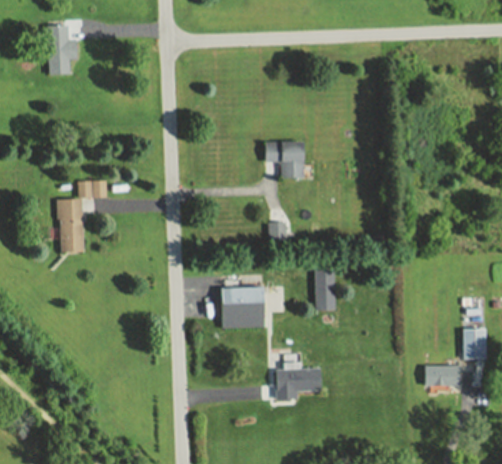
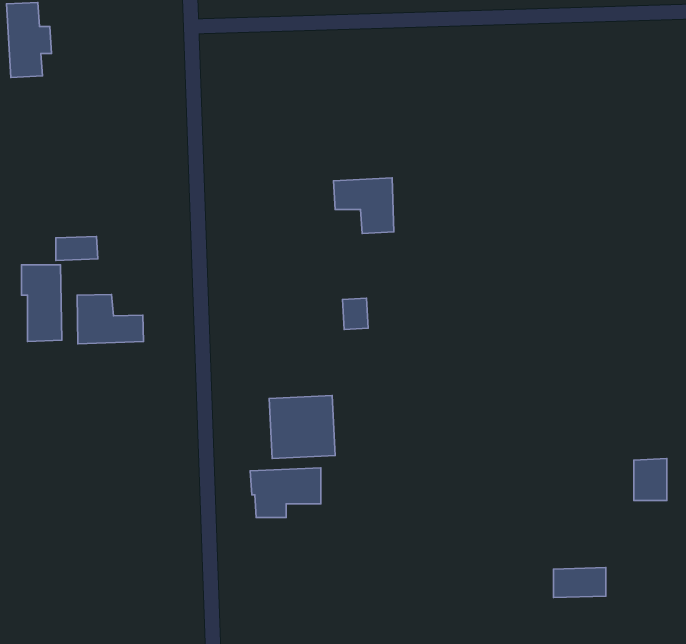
building: none -> [77,295,143,344]
building: [315,270,335,310] -> none
building: [425,366,460,386] -> [553,568,606,598]
building: [273,367,320,400] -> [250,468,321,517]

